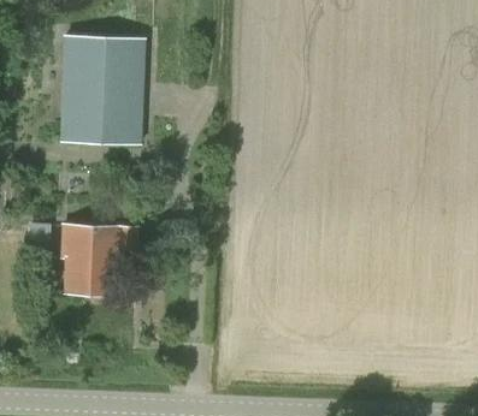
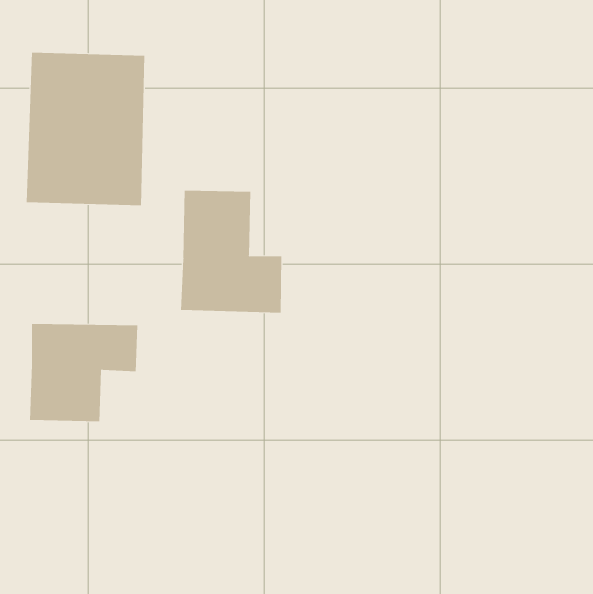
building: none -> [181,190,282,314]

